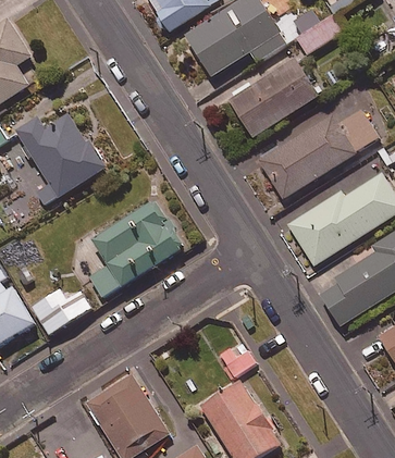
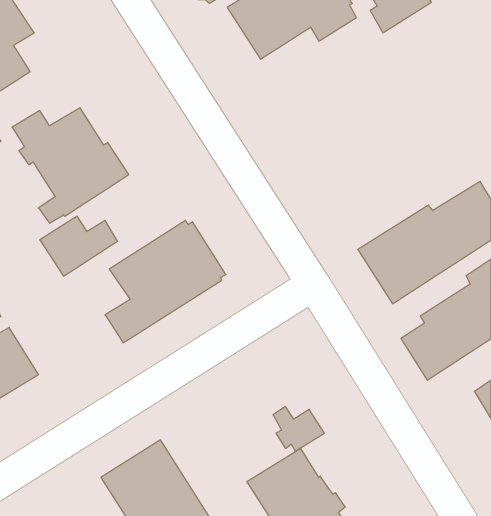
building: [227,55,320,137] -> none
building: [260,108,380,198] -> none
building: [30,288,91,335] -> [40,216,118,276]

